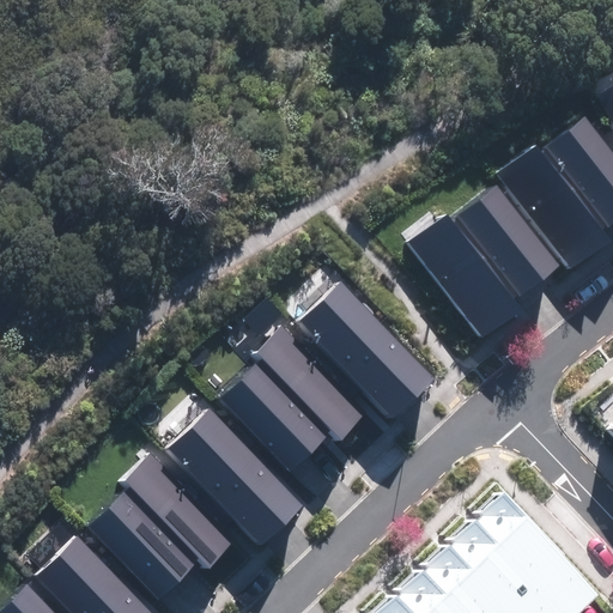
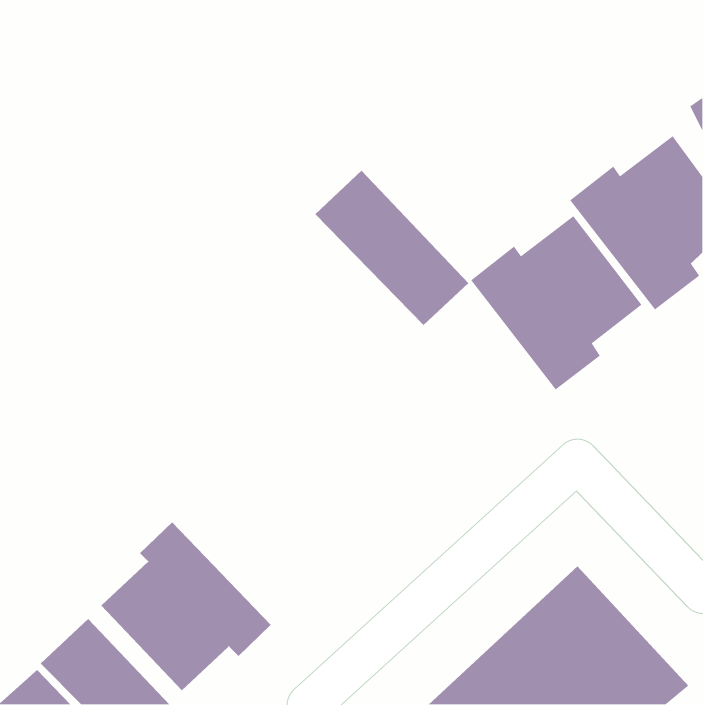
building: [299,283,433,418] -> [315,170,469,326]
building: [219,324,368,472] -> none
building: [165,407,301,545] -> none

